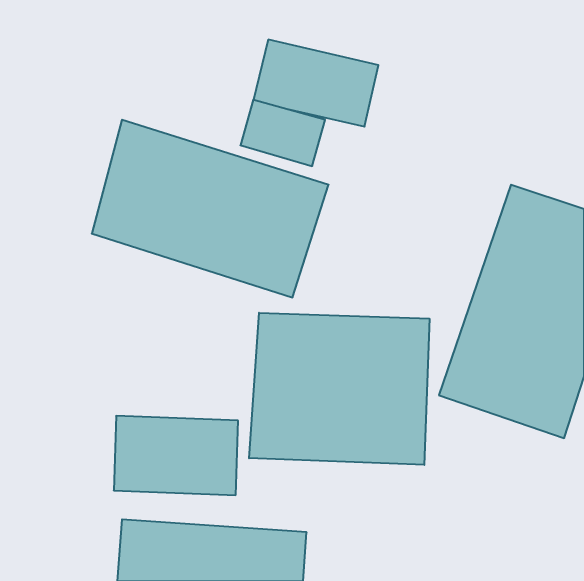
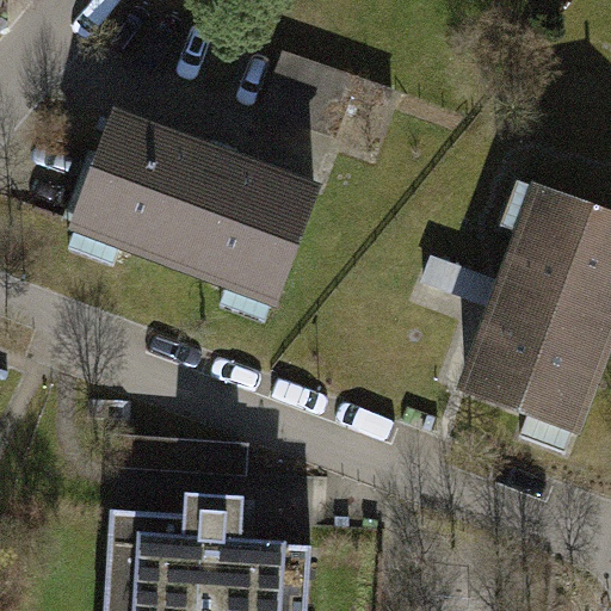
building: [249,313,429,465] -> none

